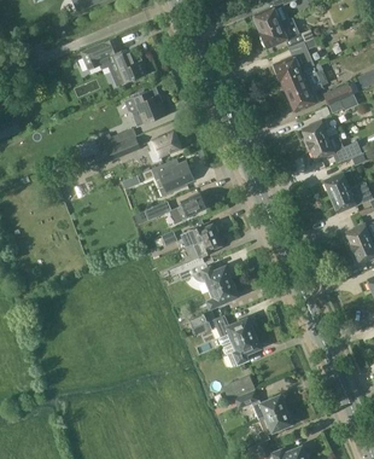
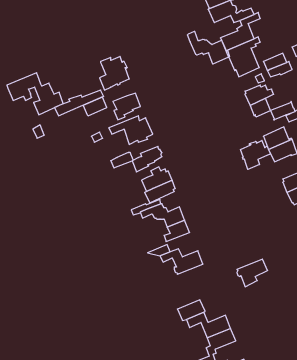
building: [80,37,146,87] -> [7,73,63,115]
building: none -> [188,31,228,64]
building: none -> [240,140,270,169]
building: [222,333,258,366] -> [237,259,268,287]

